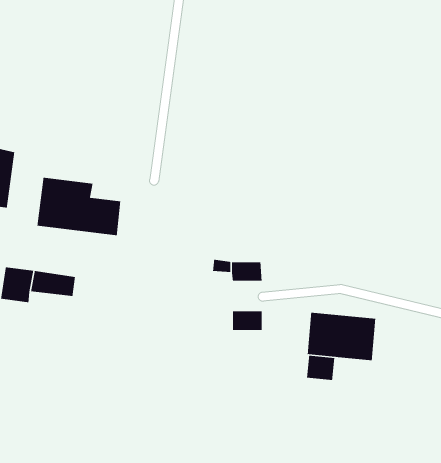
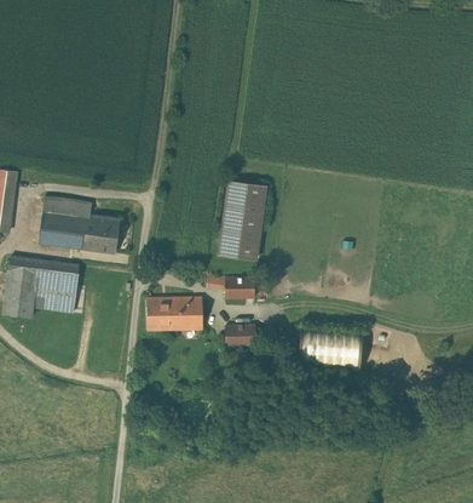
building: none -> [220,182,266,259]
building: none -> [8,256,80,292]
building: none -> [148,298,202,330]
building: [306,355,335,381] -> none

